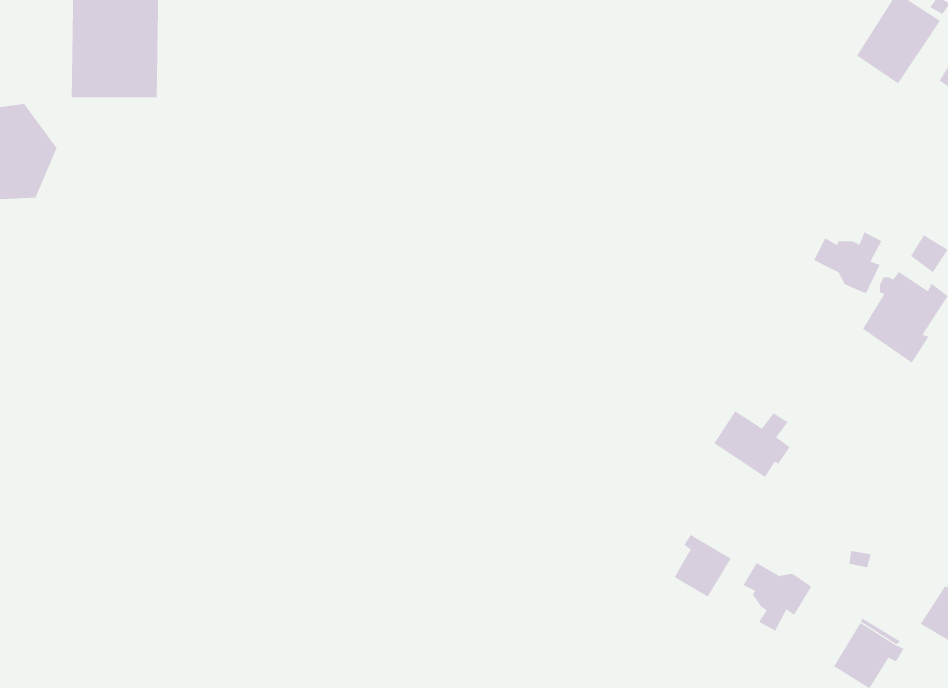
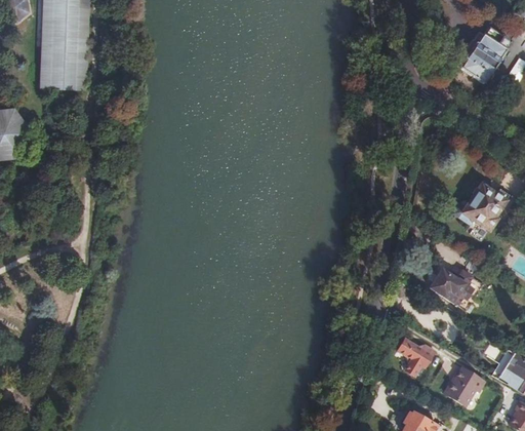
building: [814,231,882,294] -> none
building: [714,411,791,478] -> [430,270,471,306]
building: [674,534,732,597] -> none

